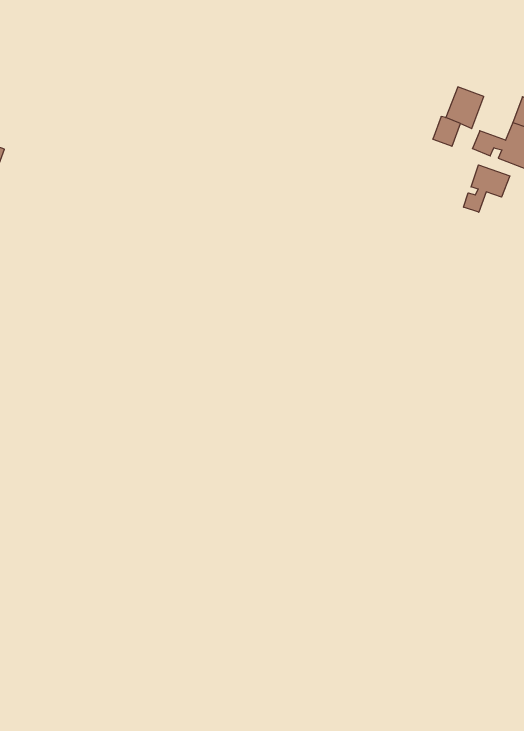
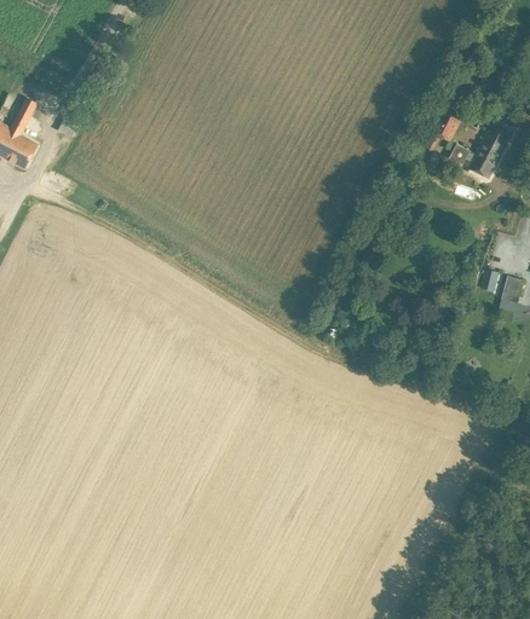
building: [464,165,510,212] -> none

